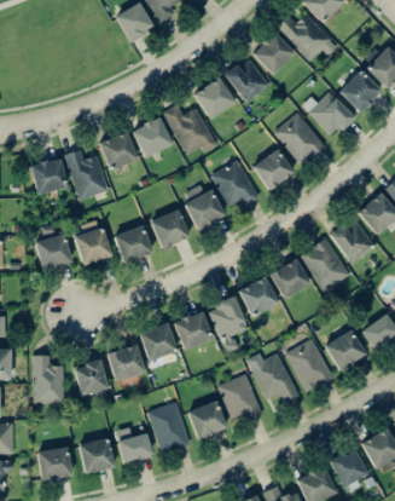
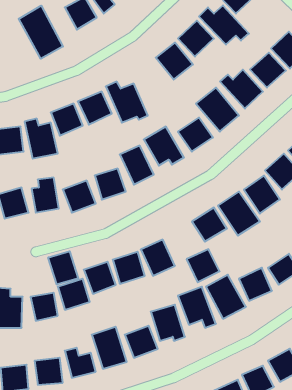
building: none -> [19,6,63,59]
building: [194,77,236,119] -> none
building: [239,277,279,317] -> [187,249,220,282]
building: none -> [48,251,78,285]

